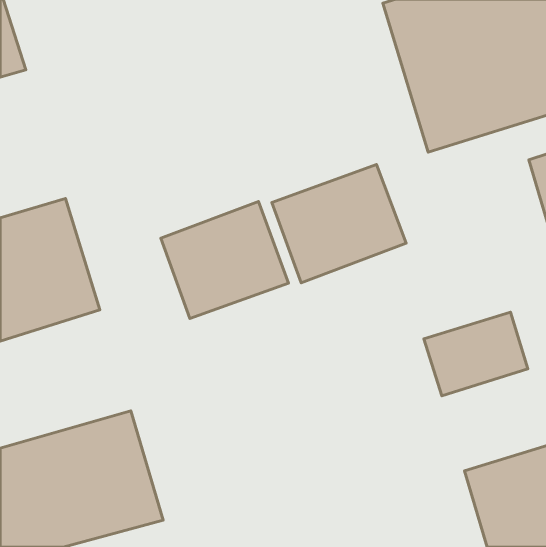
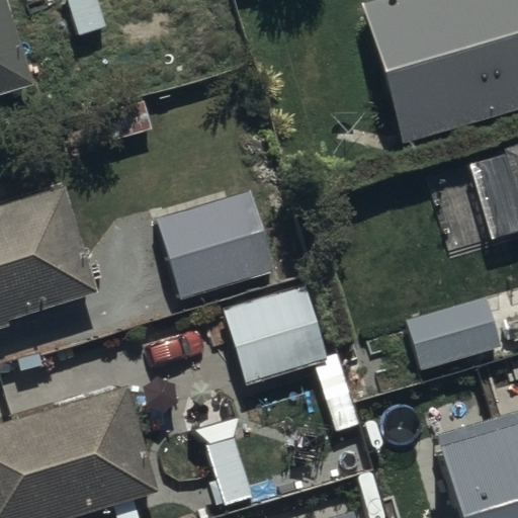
building: [272,164,406,283] -> none
building: none -> [222,284,331,384]

